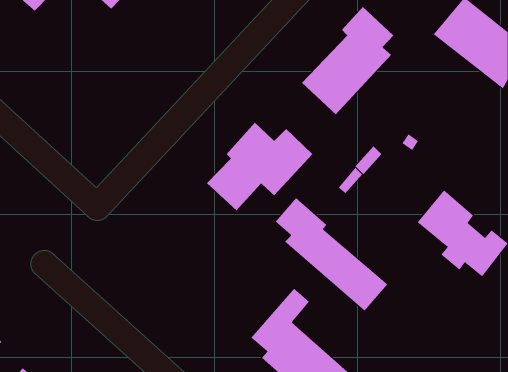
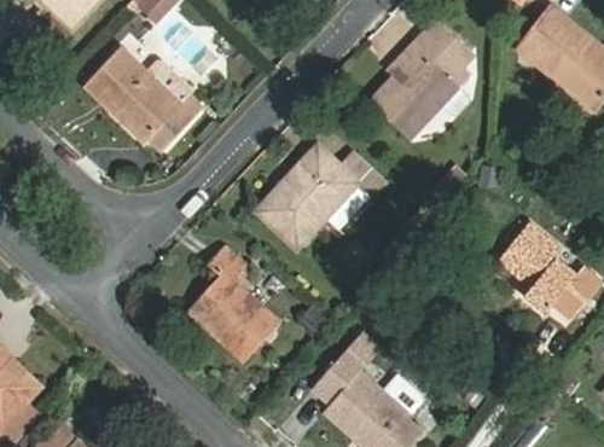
building: none -> [88,46,202,151]
building: [275,197,388,312] -> none
building: none -> [187,248,278,361]

